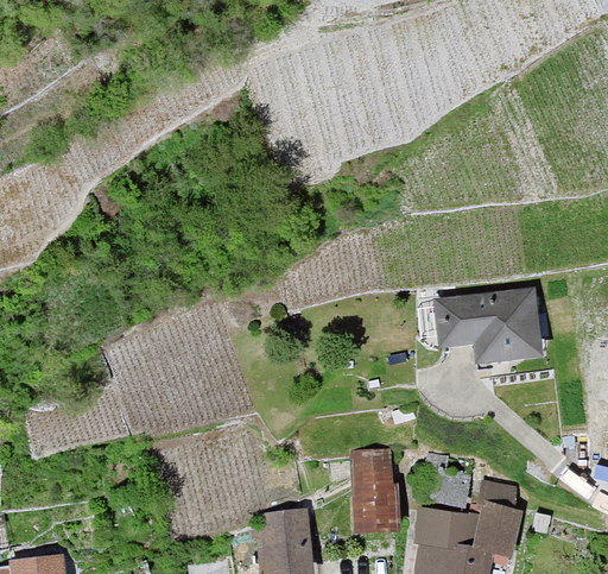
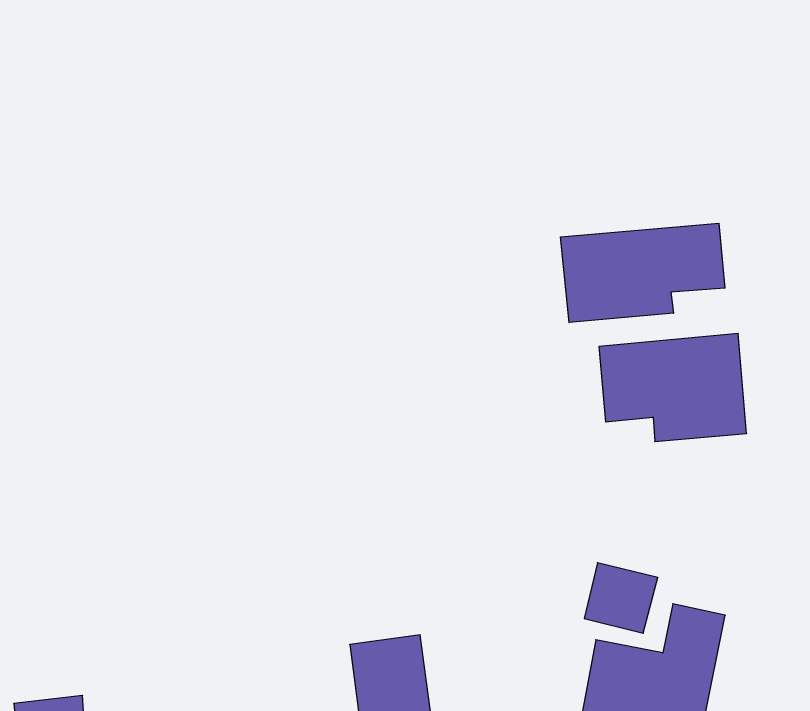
building: none -> [561,223,725,323]
building: [349,448,394,528] -> none

